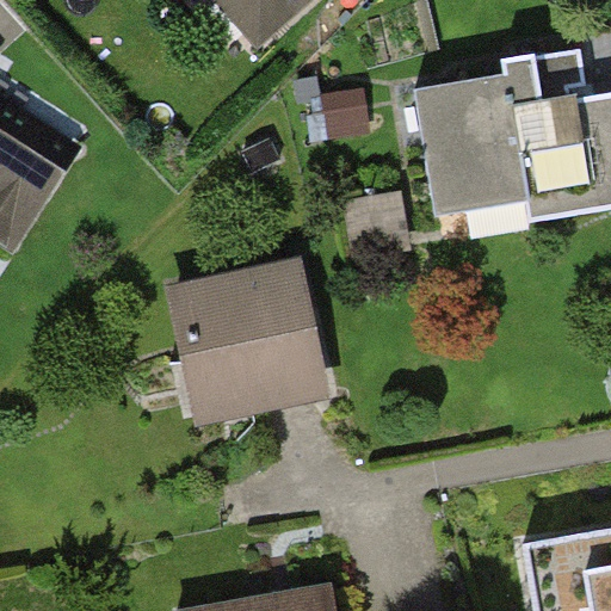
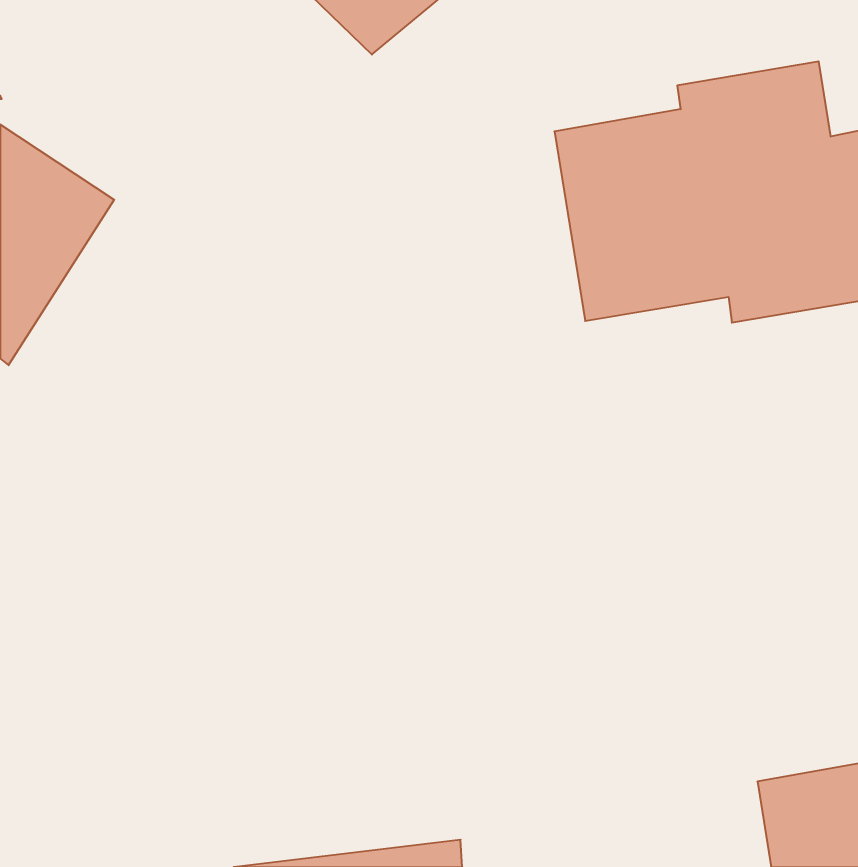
building: [155,255,327,428] -> none

